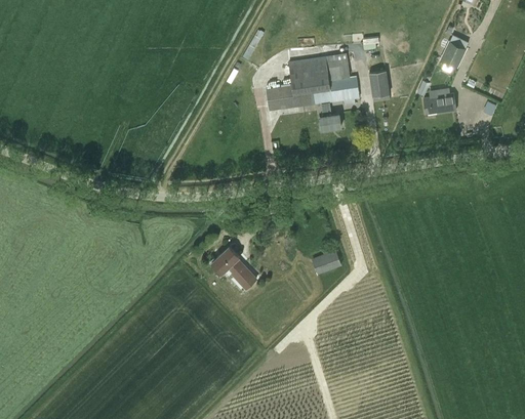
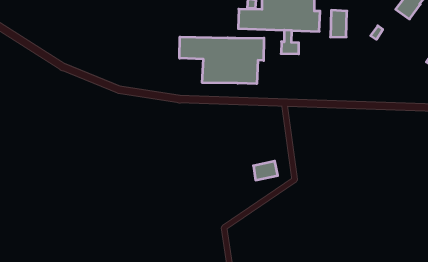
building: [422,93,455,114] -> none
building: none -> [180,37,264,84]
building: [211,246,255,290] -> none

